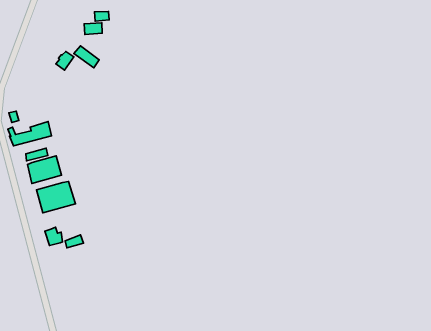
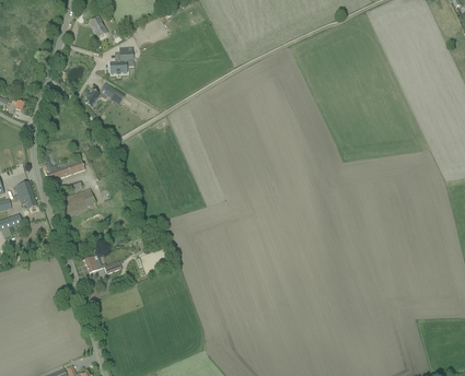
building: [37,182,76,213] -> none

